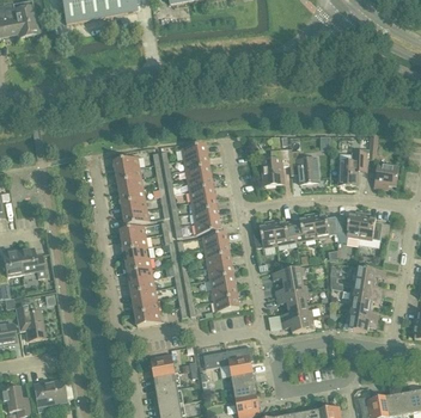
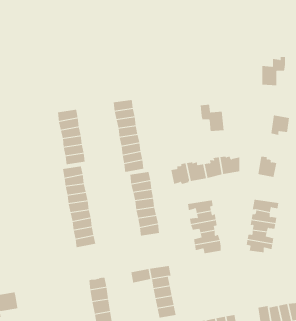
building: [261,148,288,184] -> none
building: [337,148,367,184] -> [261,57,286,86]
building: [336,211,361,242] -> none

